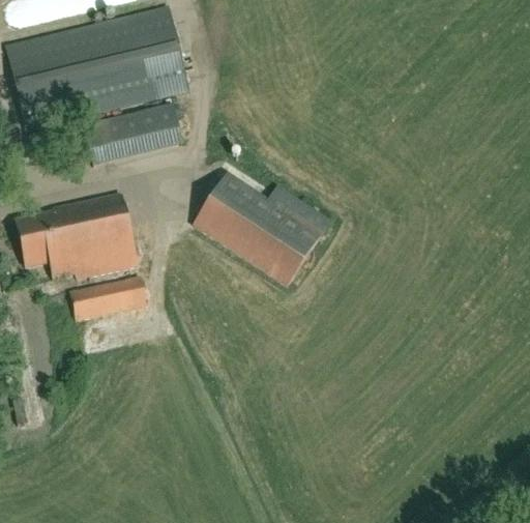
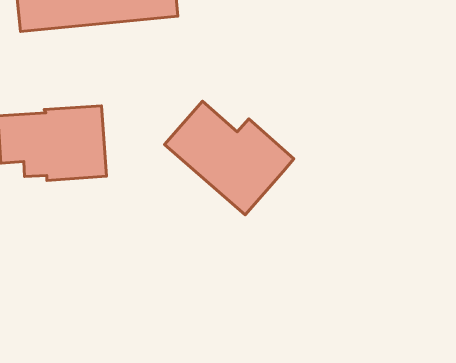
building: [83,100,183,167] -> none
building: [68,273,148,320] -> none

